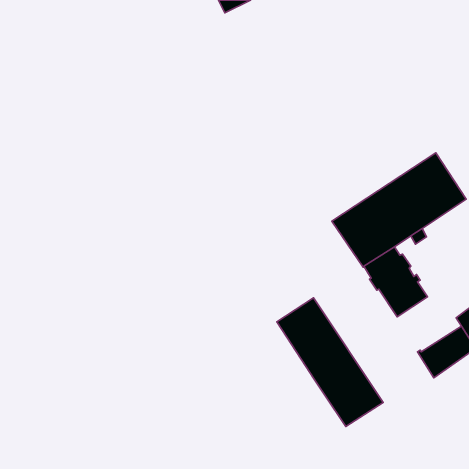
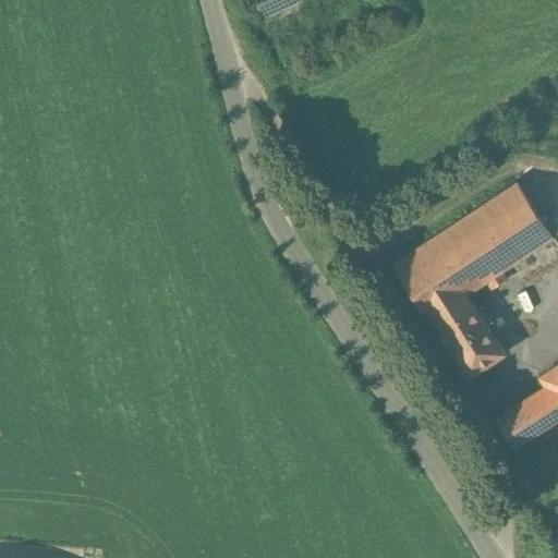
building: [277,298,383,426] -> none

